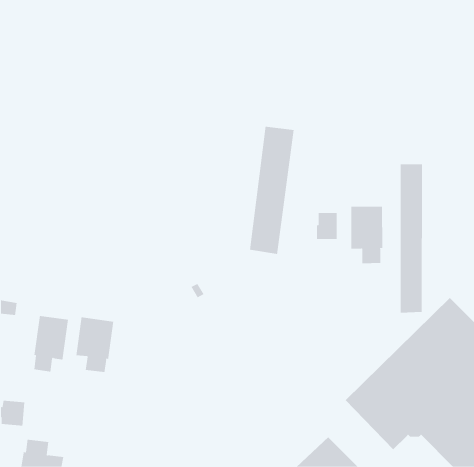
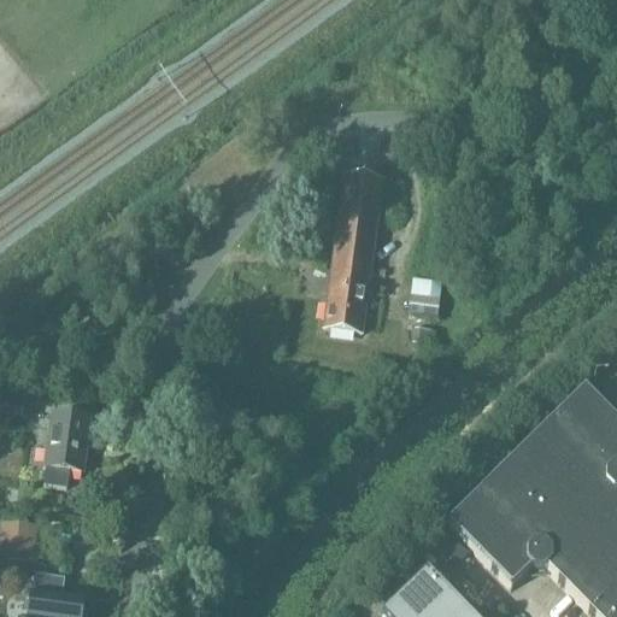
building: [400,164,423,314] -> none
building: [351,206,383,264] -> none
building: [76,317,114,373] -> none

